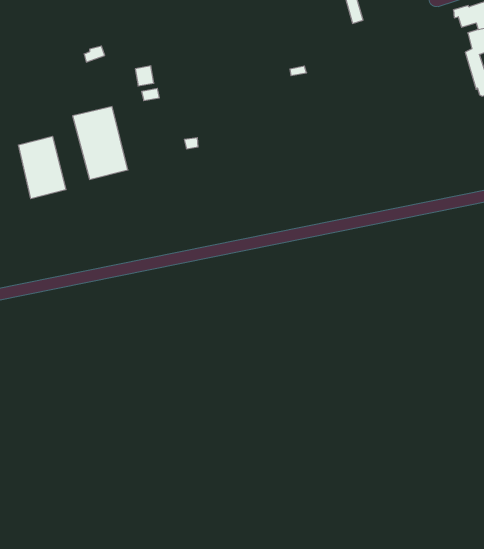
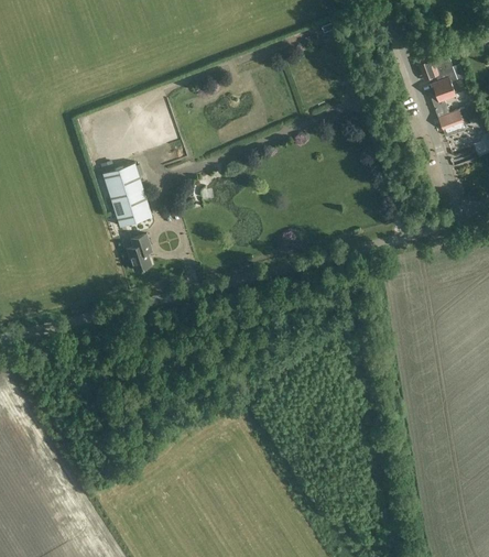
building: [19,136,66,199] -> none
building: none -> [126,236,151,272]

